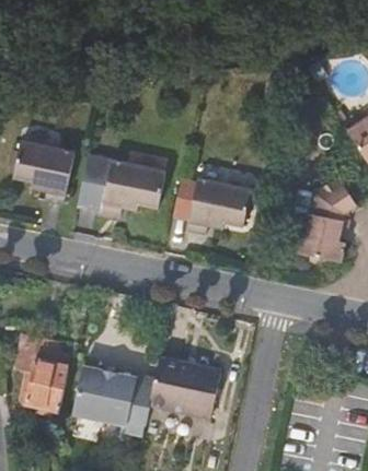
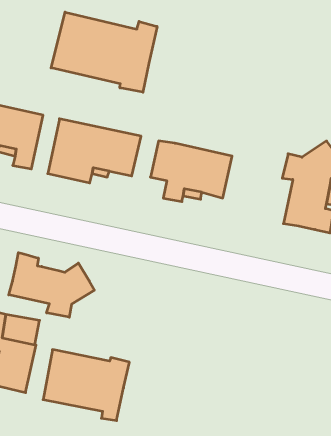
building: none -> [51,12,157,92]
building: none -> [9,253,94,317]
building: [149,360,220,419] -> none

